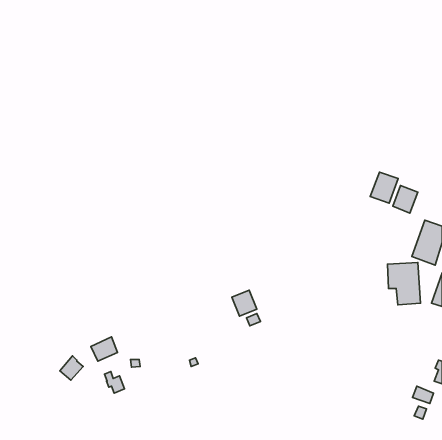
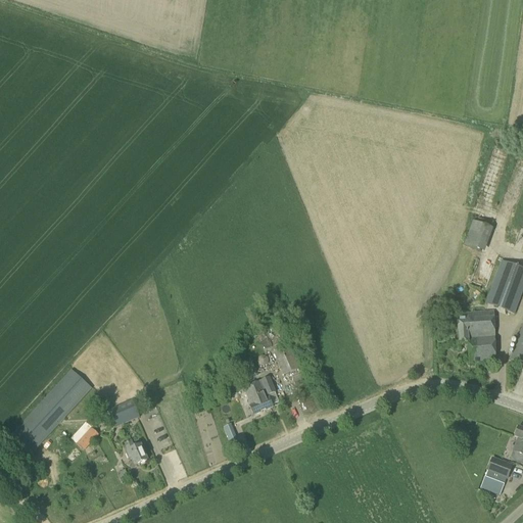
building: [370,172,398,203] -> none
building: none -> [4,368,92,460]
building: none -> [244,376,275,413]

